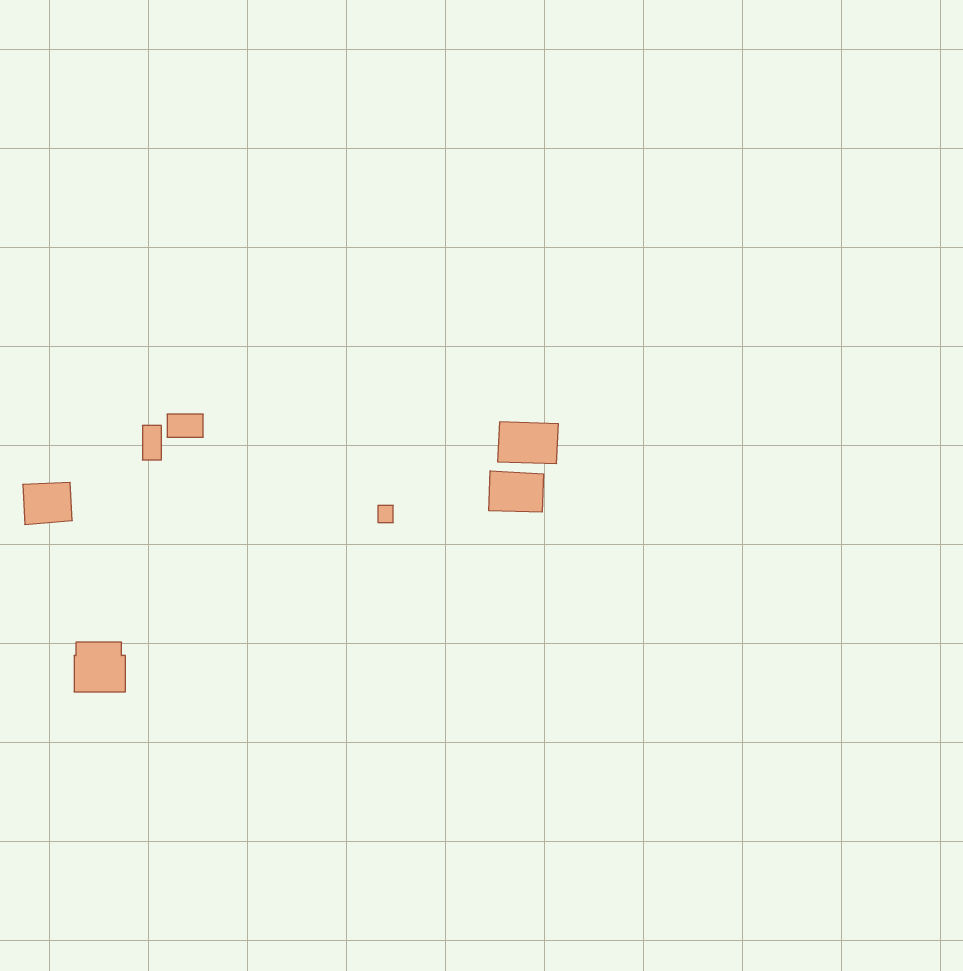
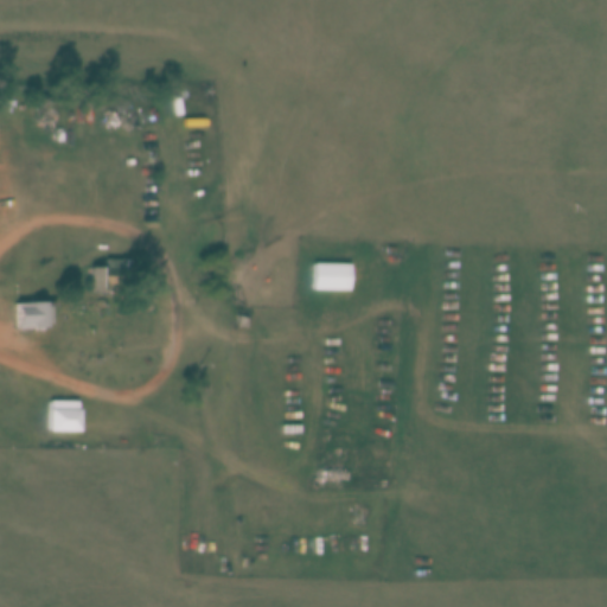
building: [489,471,543,512] -> none

